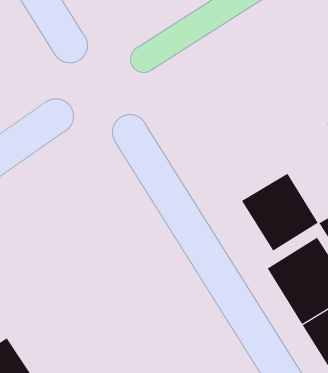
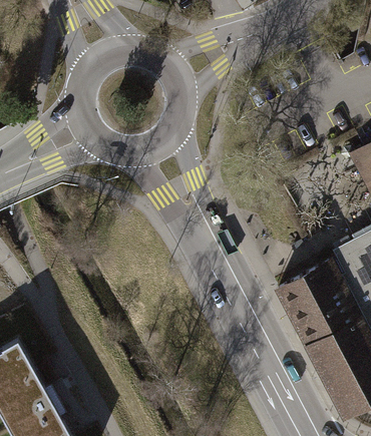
building: [241,173,319,251] -> none

